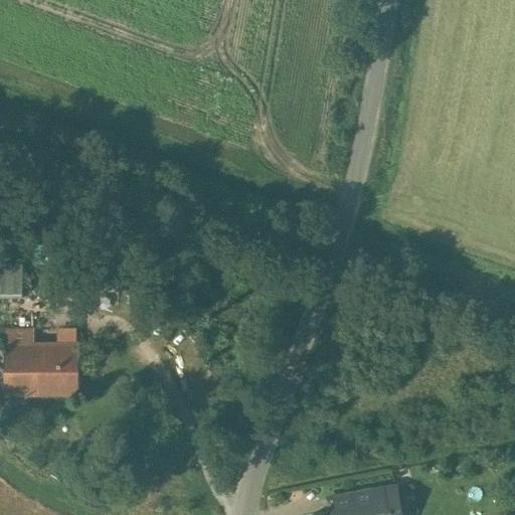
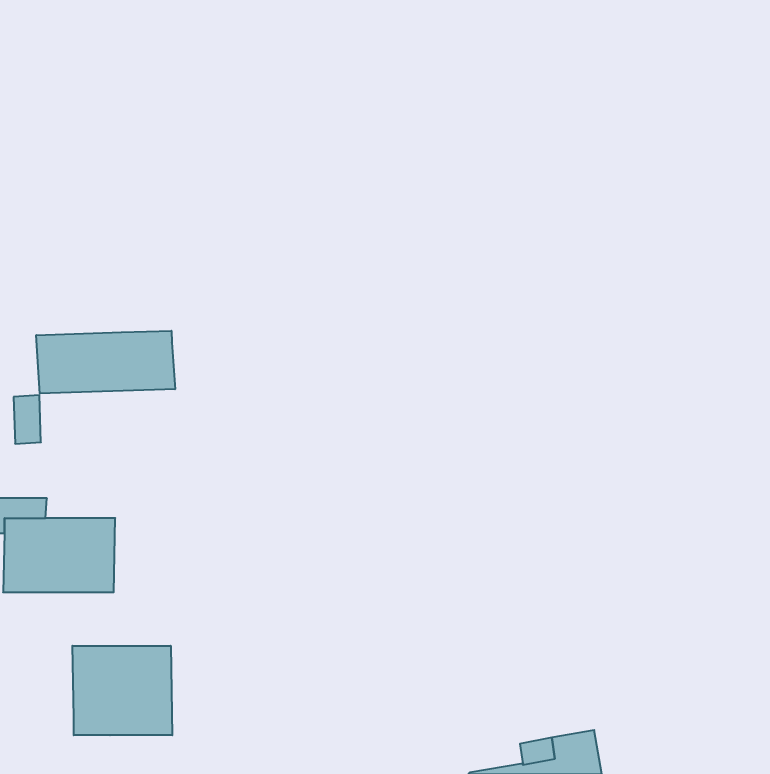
building: none -> [36,331,175,394]
building: none -> [72,646,172,735]

